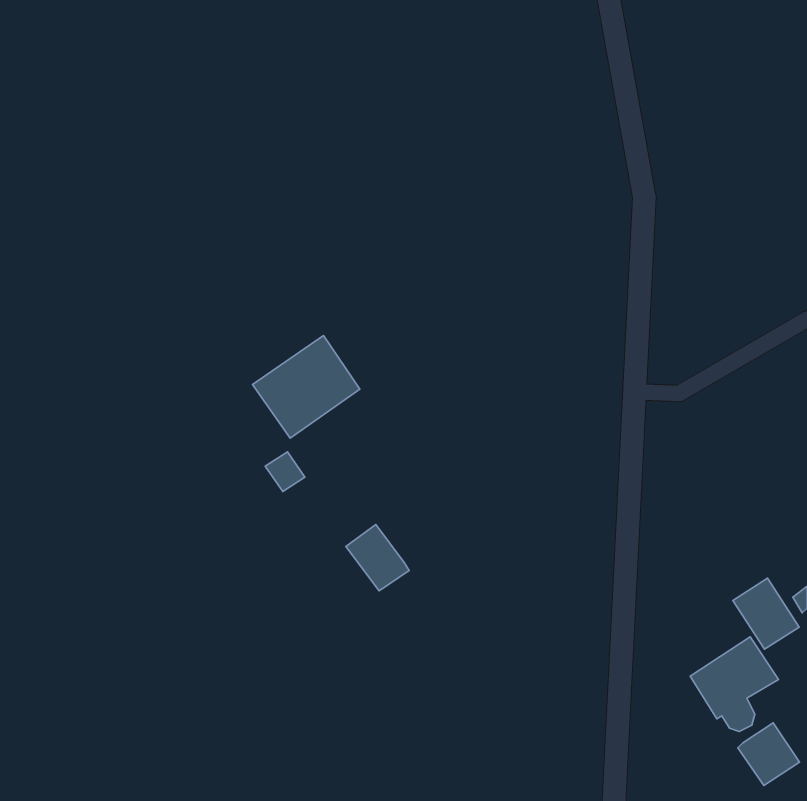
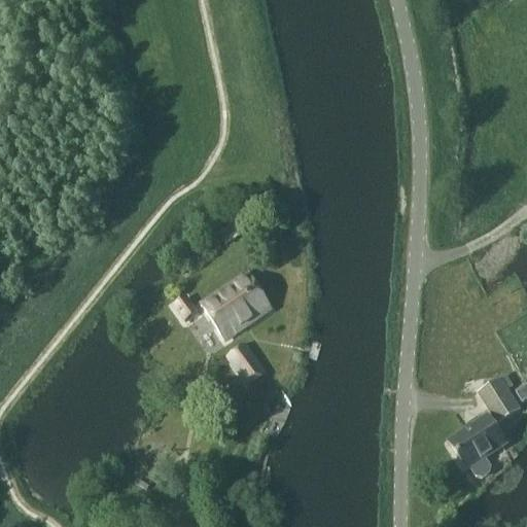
building: [252,335,360,438] -> [200,272,270,339]
building: [738,723,799,786] -> none

